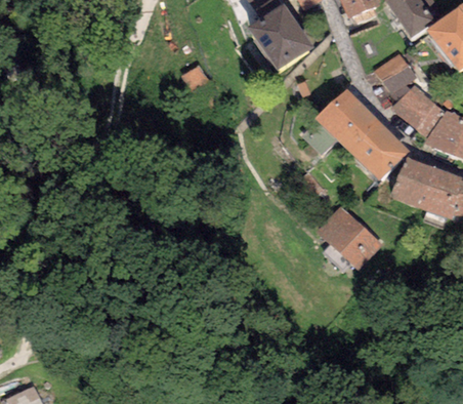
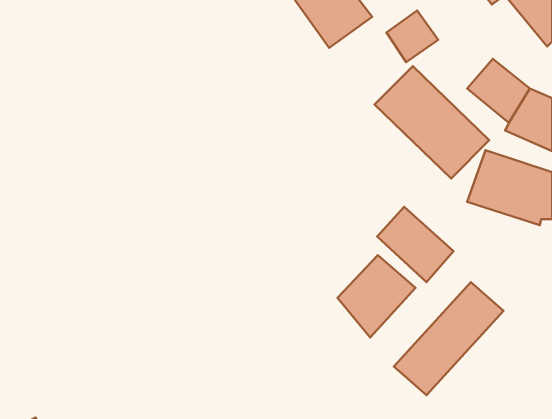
building: [374,50,417,93] -> [386,10,438,62]
building: none -> [338,255,416,337]
building: none -> [394,282,504,395]

